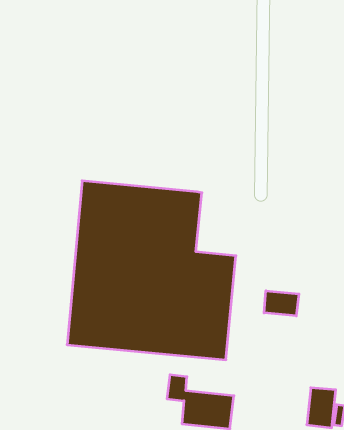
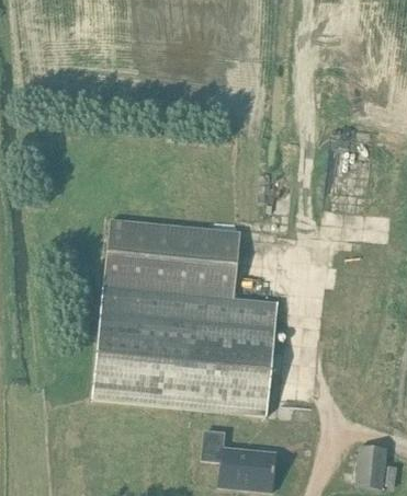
building: [264,291,299,316] -> none

